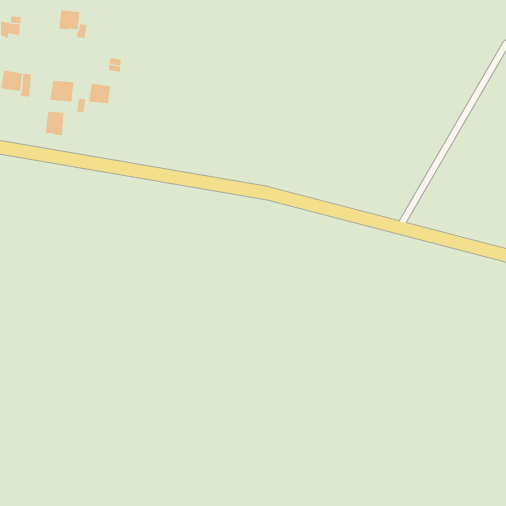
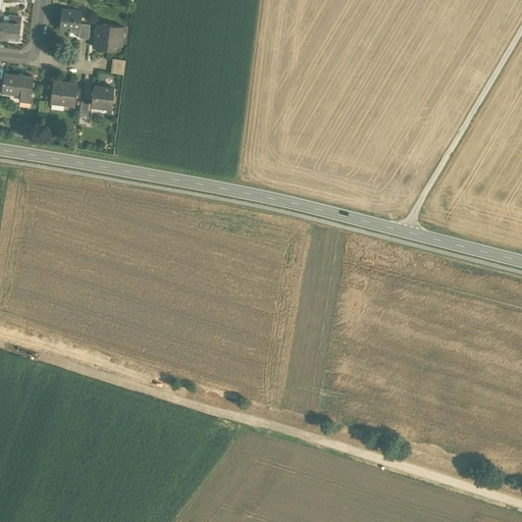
building: none -> [95,23,124,50]
building: [46,111,64,136] -> none

